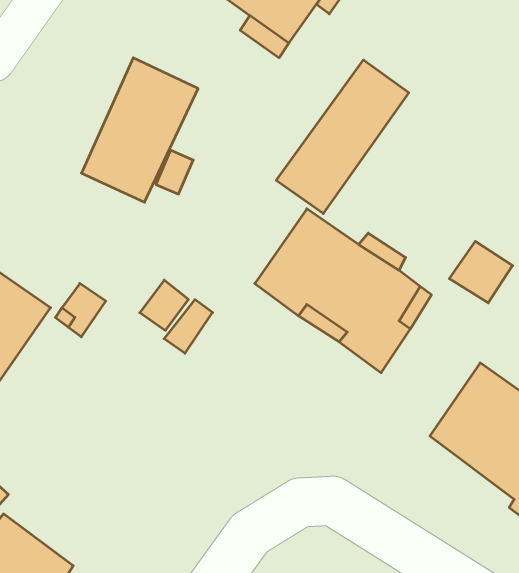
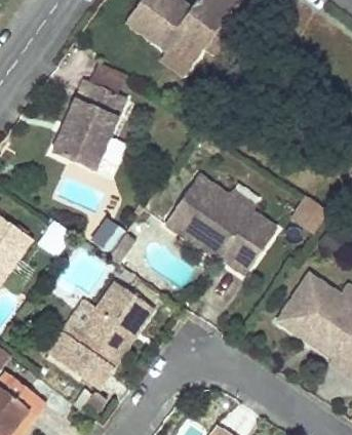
building: [276,60,409,214] -> none
building: none -> [51,278,157,387]

